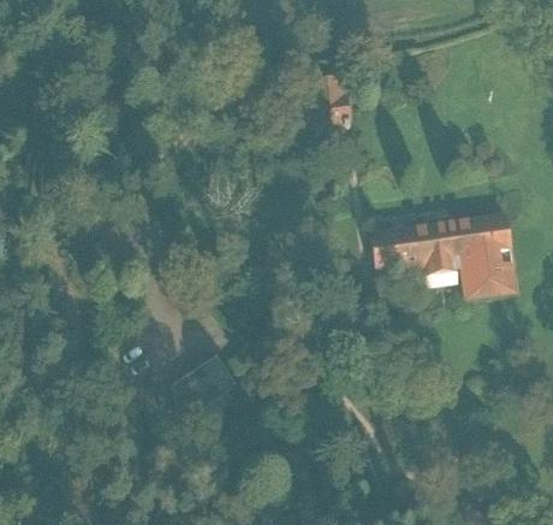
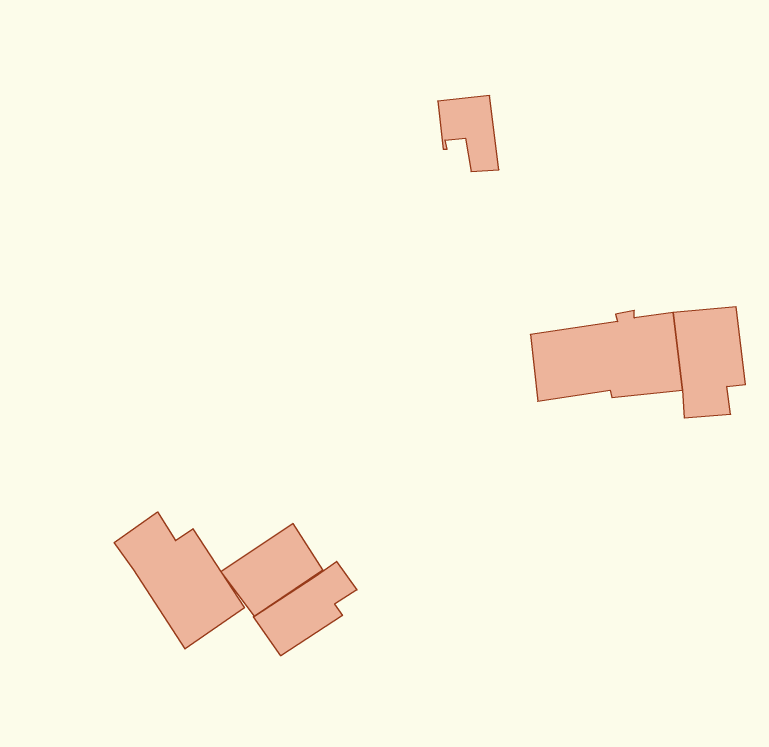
building: none -> [114,512,244,649]
building: none -> [253,561,357,656]

